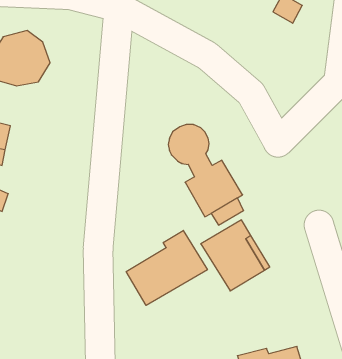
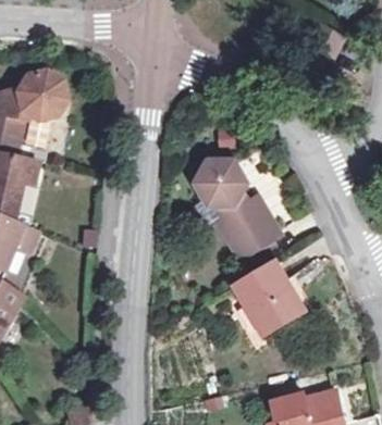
building: [126,230,207,305] -> none

